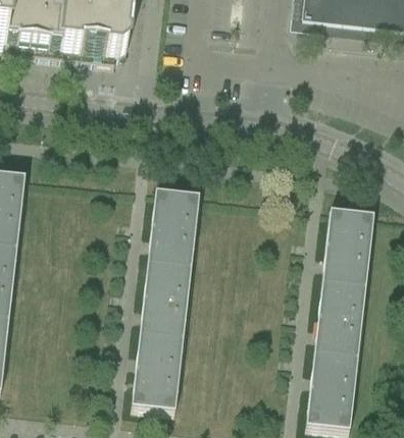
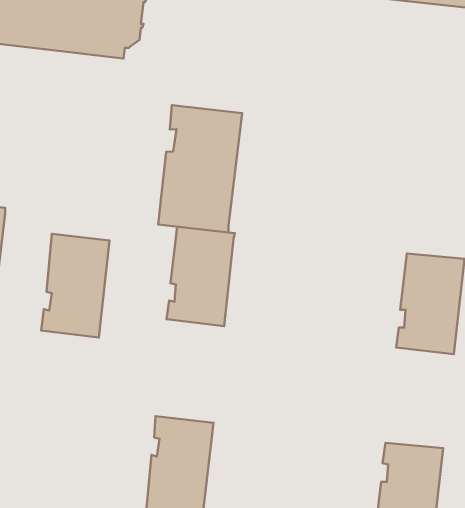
building: none -> [158,105,242,233]
building: [140,257,192,335] -> [41,234,110,337]
building: [314,278,366,354] -> none

